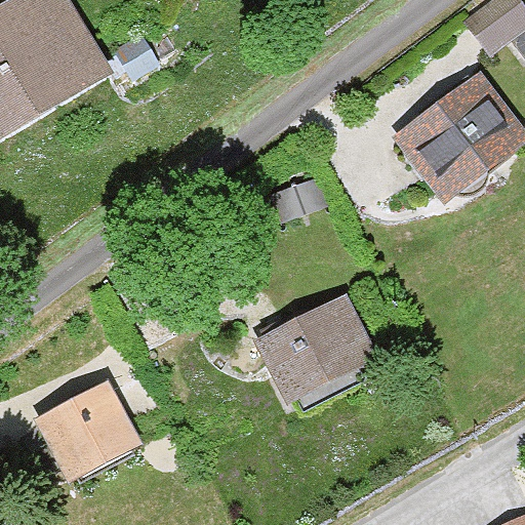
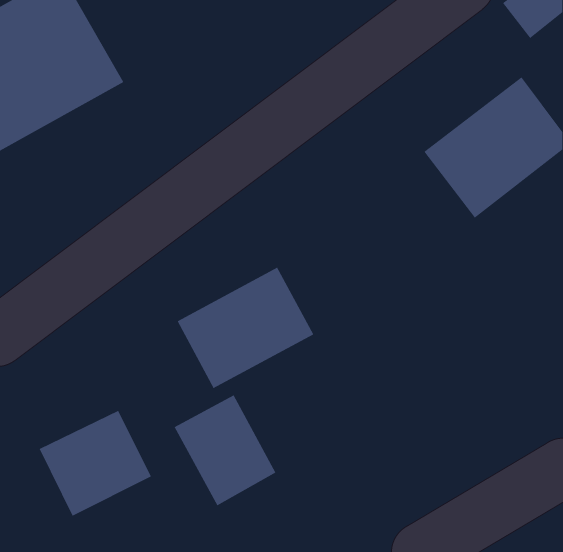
building: [251,291,378,404] -> [177,267,314,389]
building: none -> [174,394,276,506]

